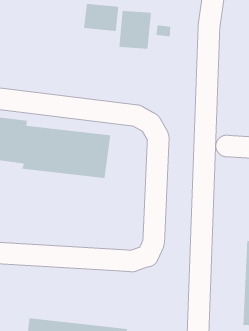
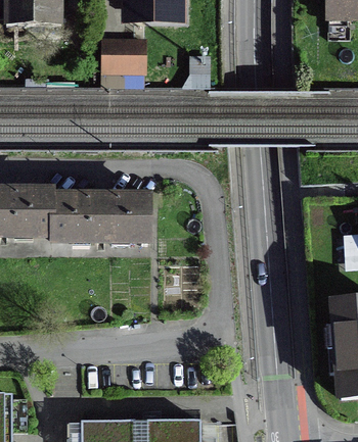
building: [118,10,152,50] -> none

